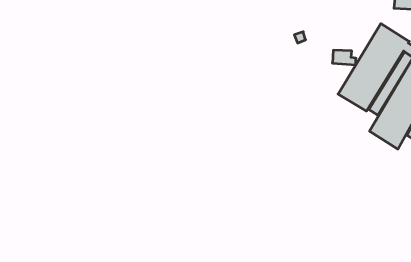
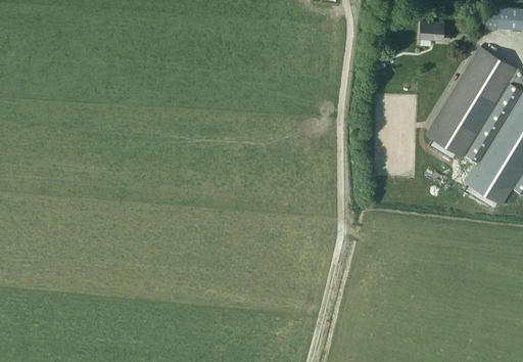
building: [332,50,356,65] -> [420,21,449,40]

